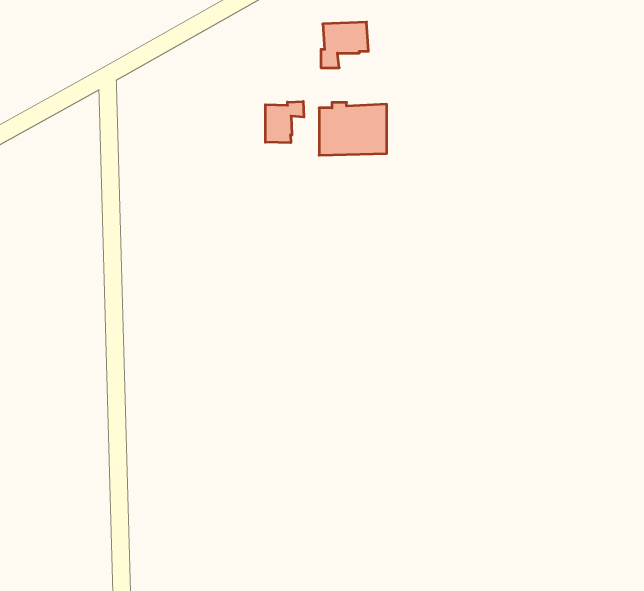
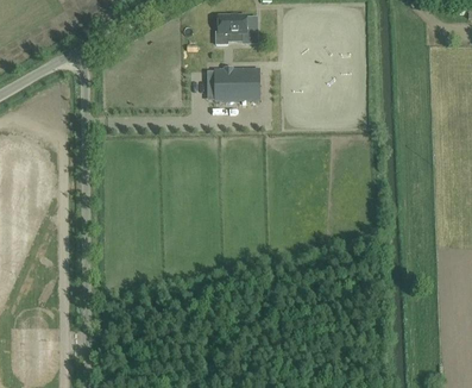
building: [265,101,304,143] -> none

